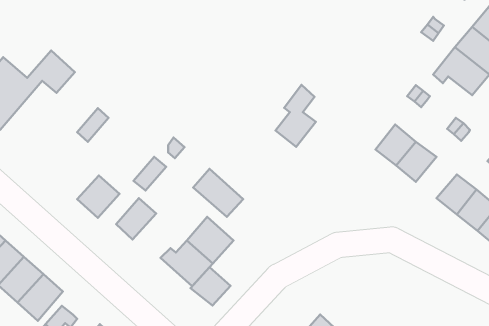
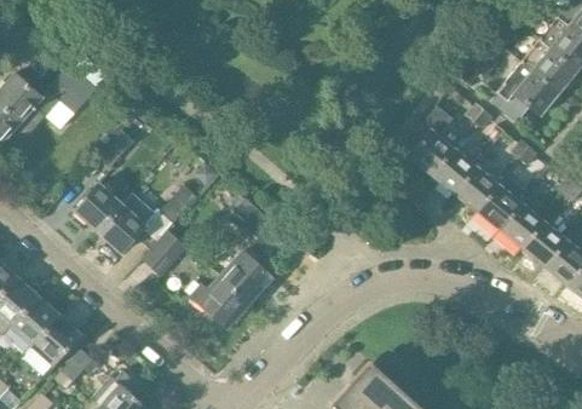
building: [276,85,316,147] -> [408,108,453,177]
building: none -> [476,174,530,231]
building: none -> [75,185,122,232]
building: [191,267,230,306] -> none

